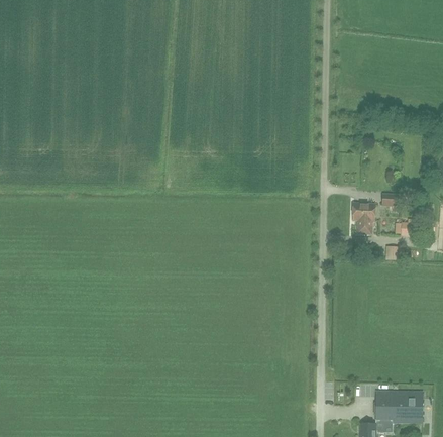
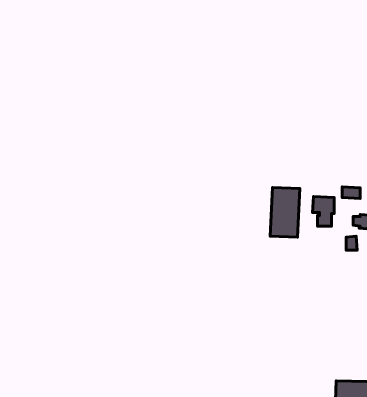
building: none -> [270,188,300,237]

